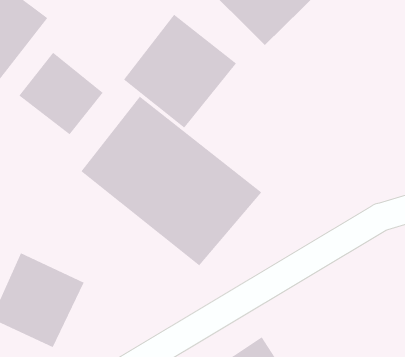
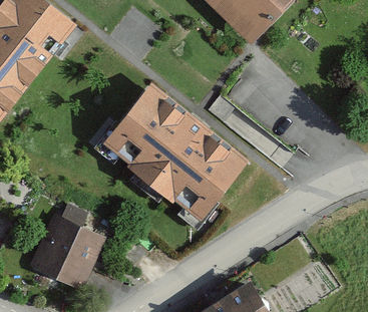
building: [123,14,237,128] -> none
building: [19,52,104,135] -> none

